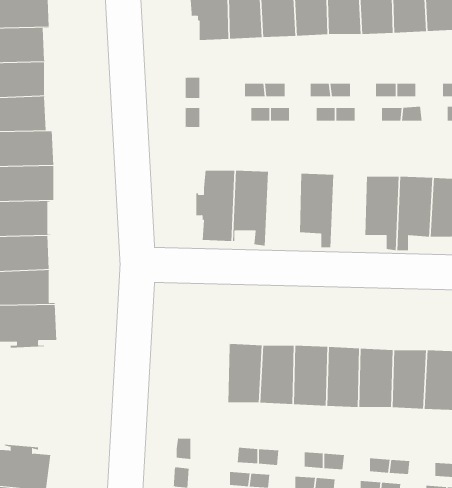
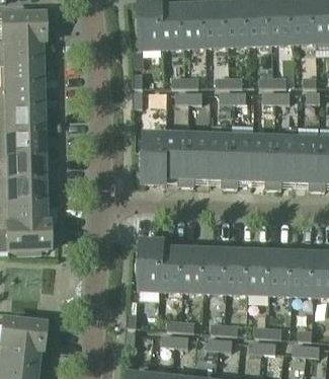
building: none -> [186,136,210,185]
building: none -> [230,138,253,186]
building: none -> [136,242,162,290]

